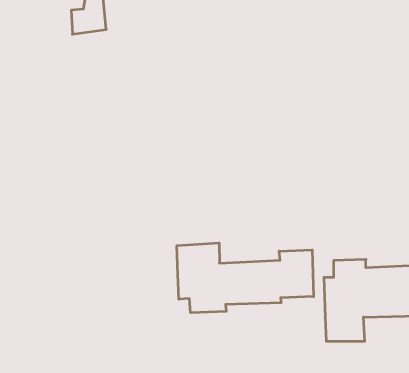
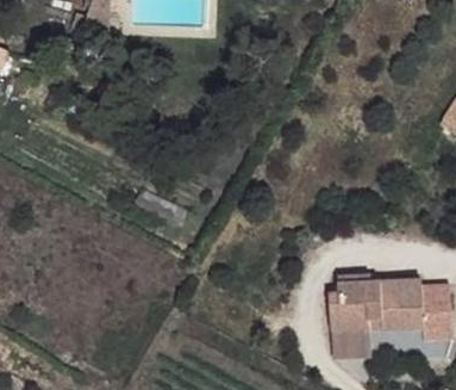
building: [177,243,314,313] -> none

